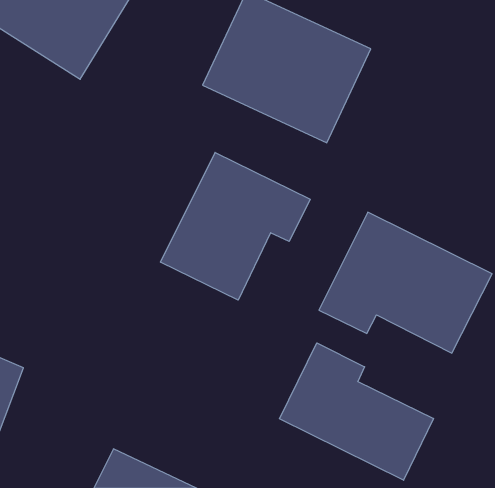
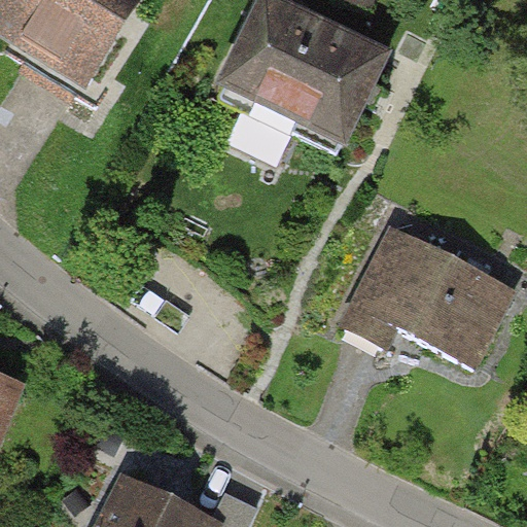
building: [161,152,310,300] -> none
building: [280,343,433,480] -> none

